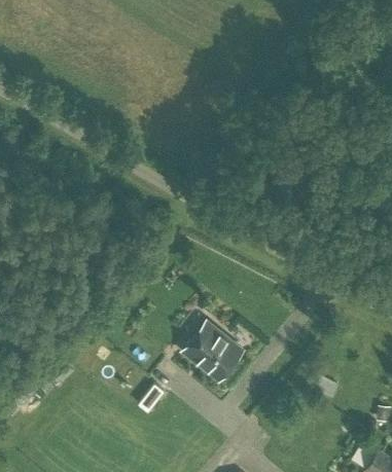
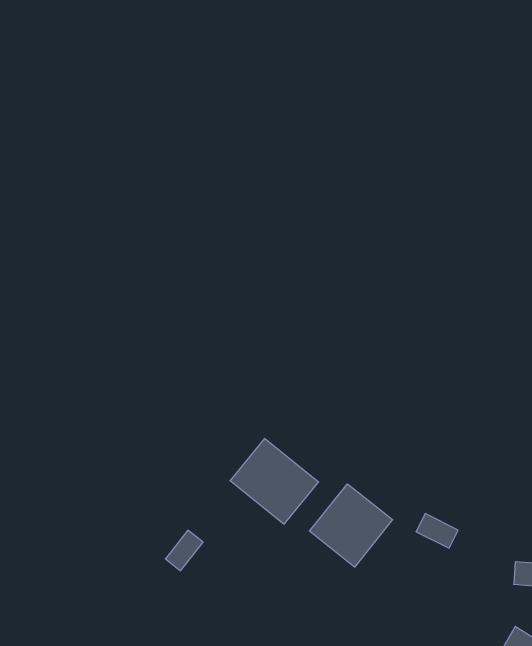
building: none -> [309,484,393,567]

